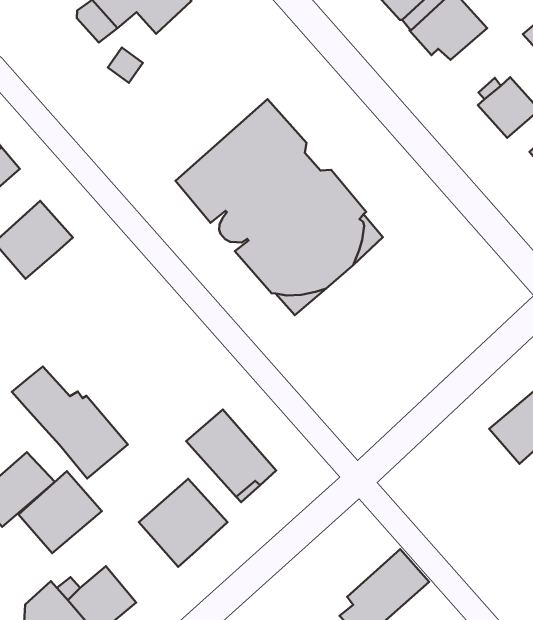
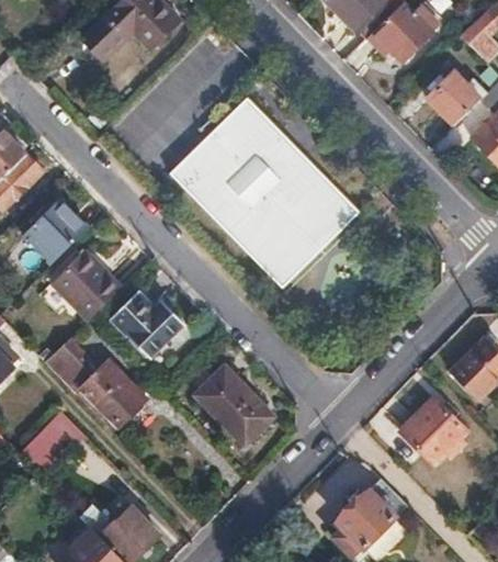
building: none -> [49,249,122,321]
building: none -> [111,290,181,357]
building: none -> [403,398,467,462]
building: [18,471,102,553] -> none
building: [139,479,227,567] -> none

